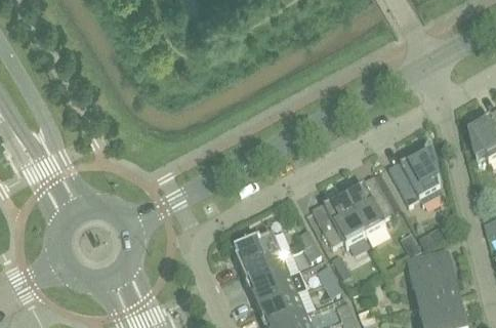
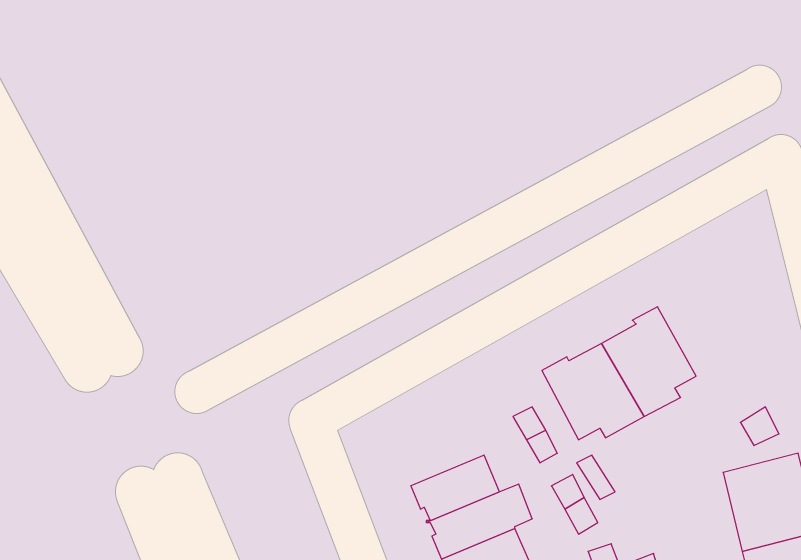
building: [387,150,443,202] -> none
building: [233,229,291,269] -> none

